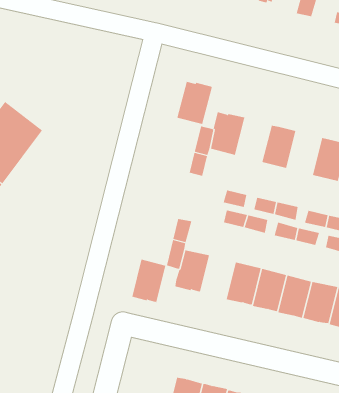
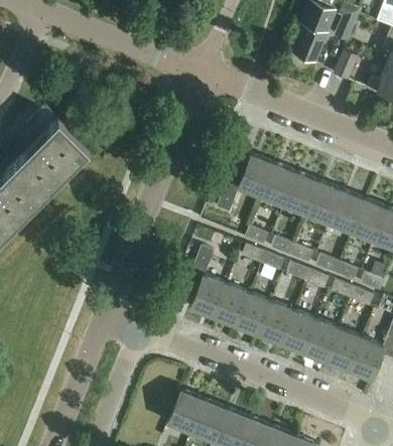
building: [177,81,212,124] -> [263,165,299,206]
building: none -> [308,182,344,225]
building: [131,259,166,303] -> [215,285,250,327]

